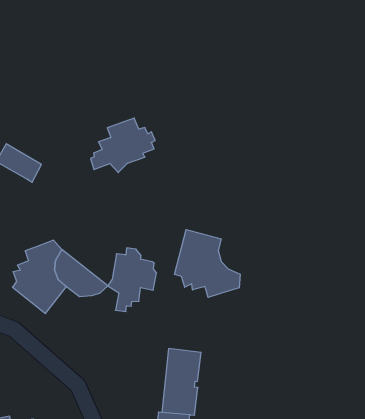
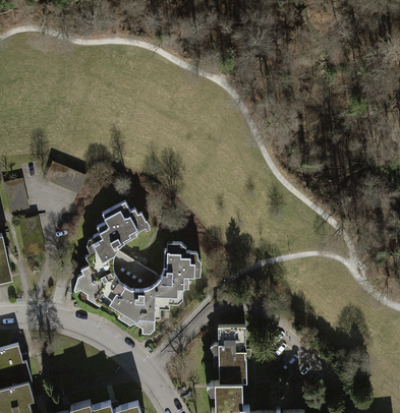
building: [91,118,155,173] -> [90,205,144,254]
building: [174,230,240,297] -> none
building: none -> [108,281,169,332]

